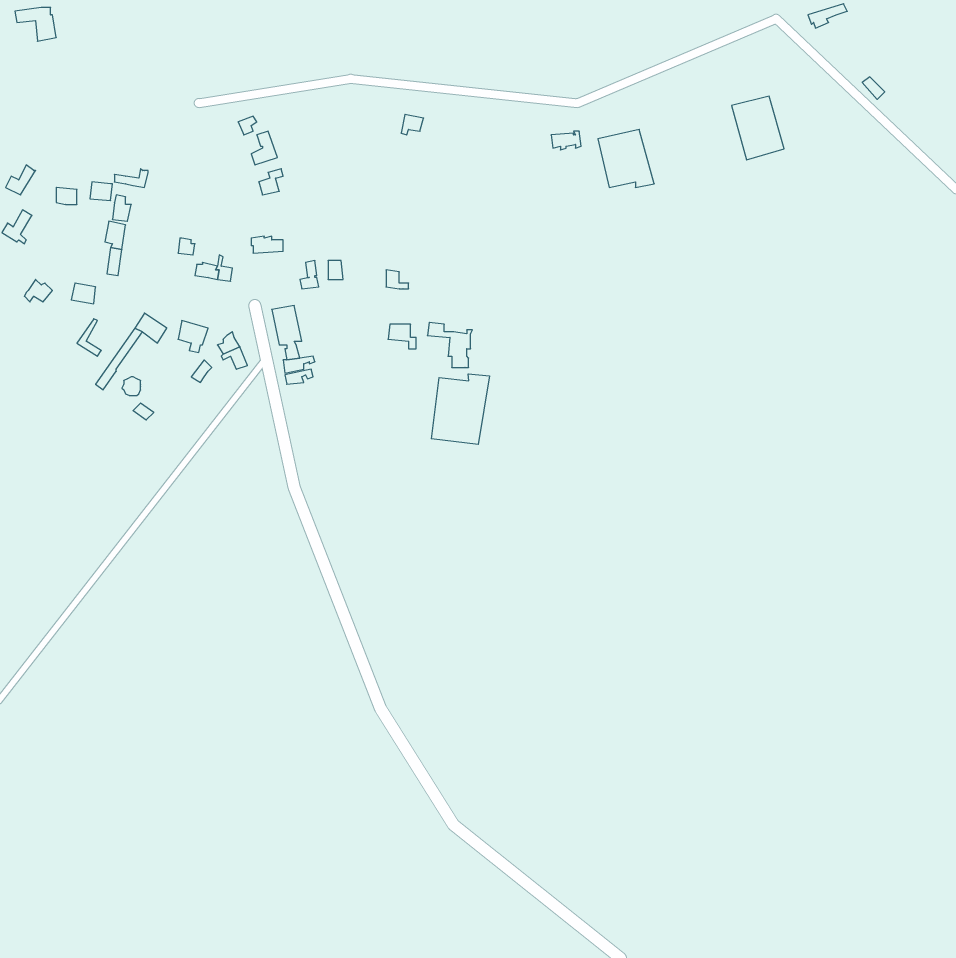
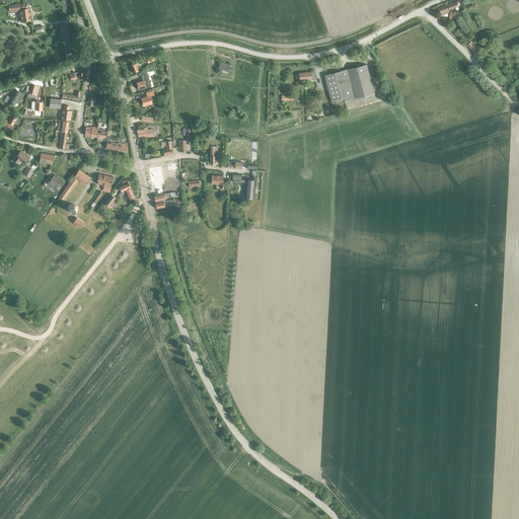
building: [732,96,784,160] -> [346,65,374,99]
building: [431,374,489,444] -> none

